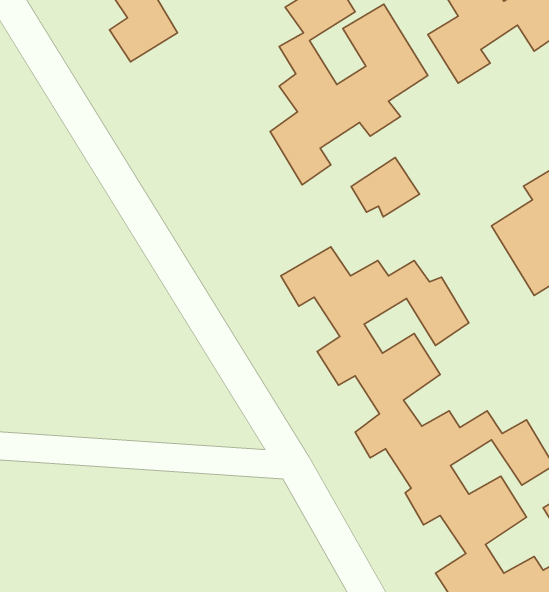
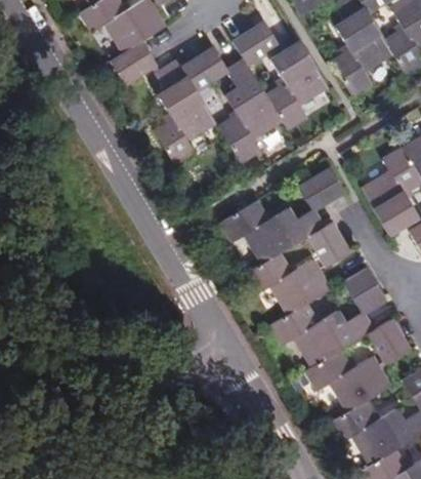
building: none -> [155,43,220,158]
building: [351,158,420,217] -> [299,169,345,209]
building: none -> [347,269,389,310]

